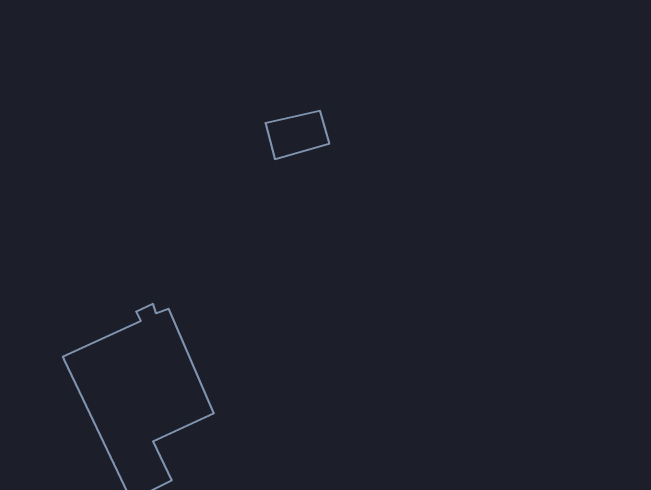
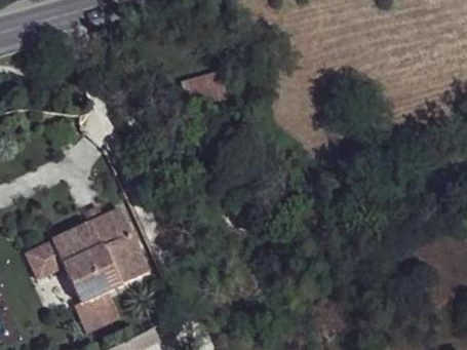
building: none -> [25,240,63,277]

